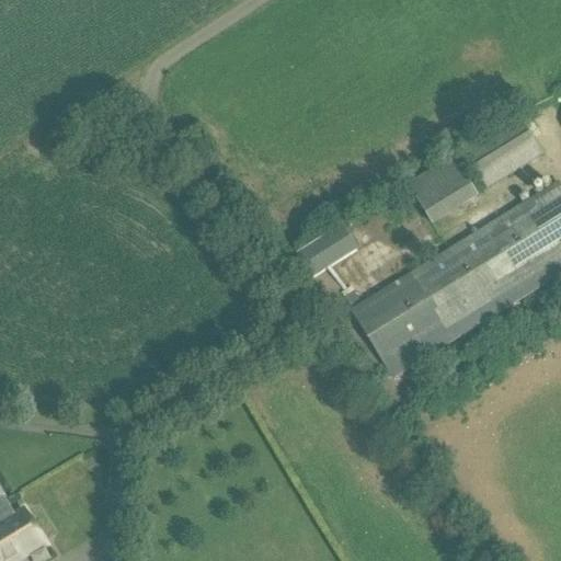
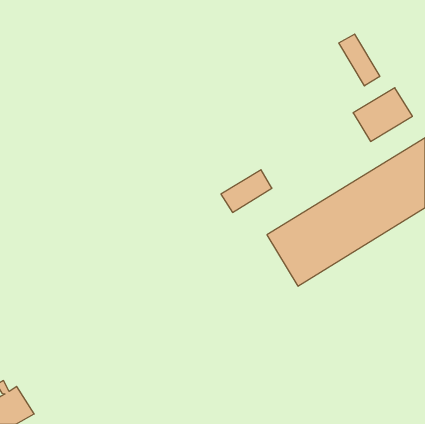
building: none -> [339,34,380,86]
building: [409,153,479,221] -> none

